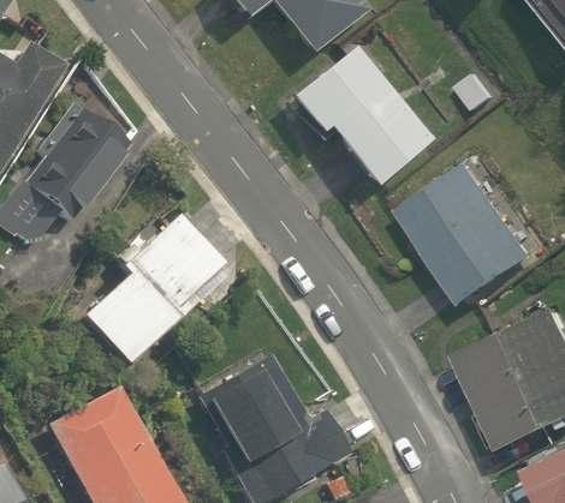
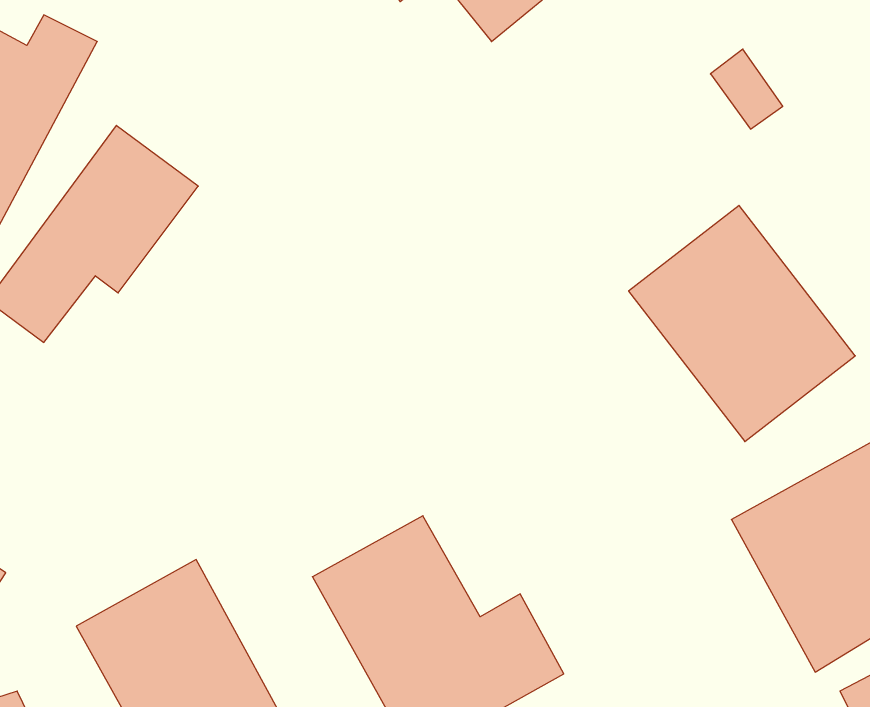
building: [285,46,424,187] -> none
building: [85,208,231,365] -> none

